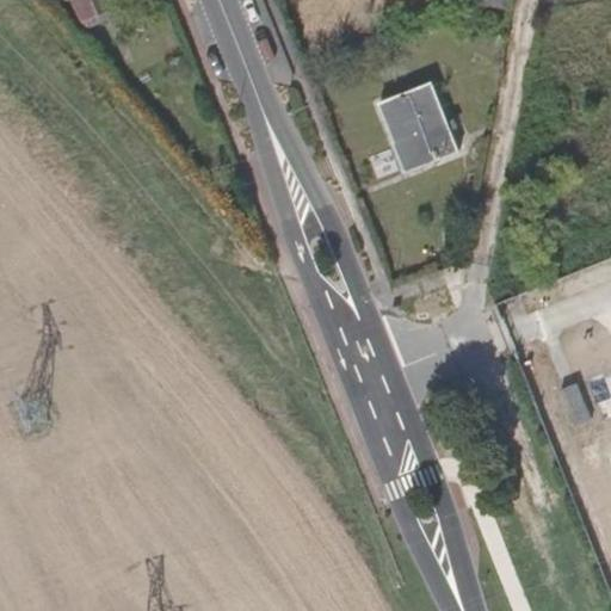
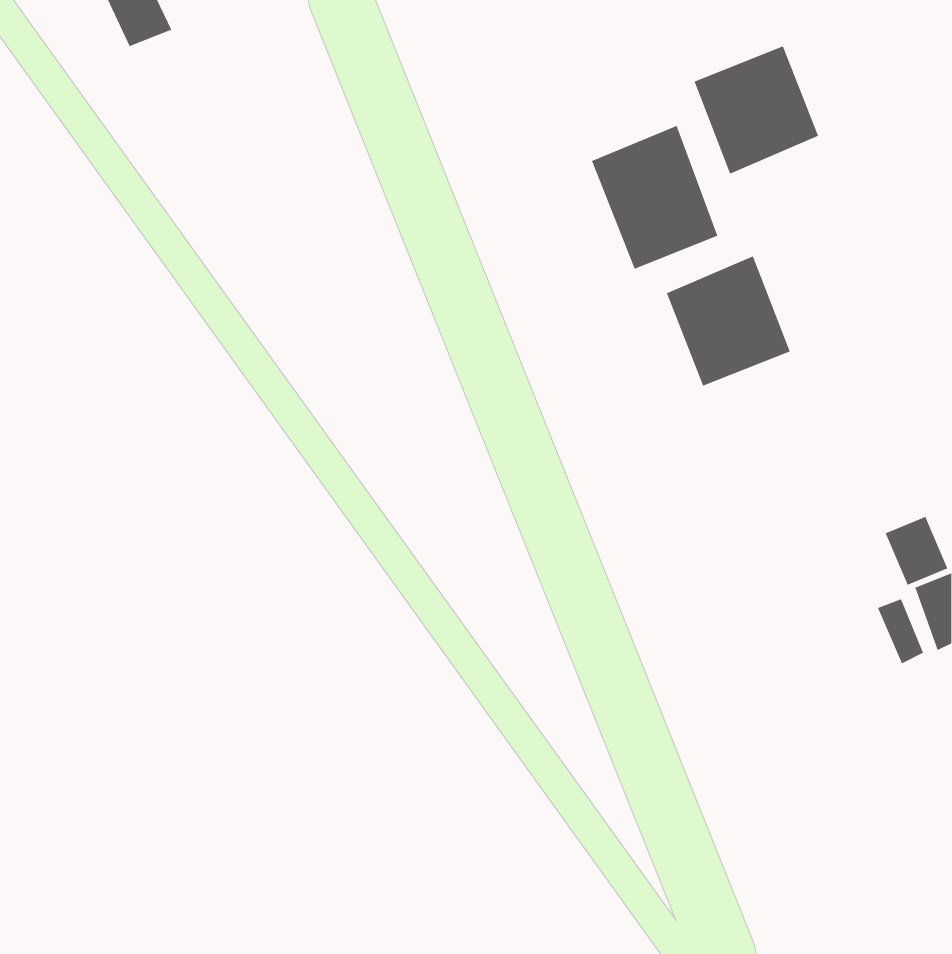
building: none -> [694,46,819,174]
building: none -> [666,255,790,387]

